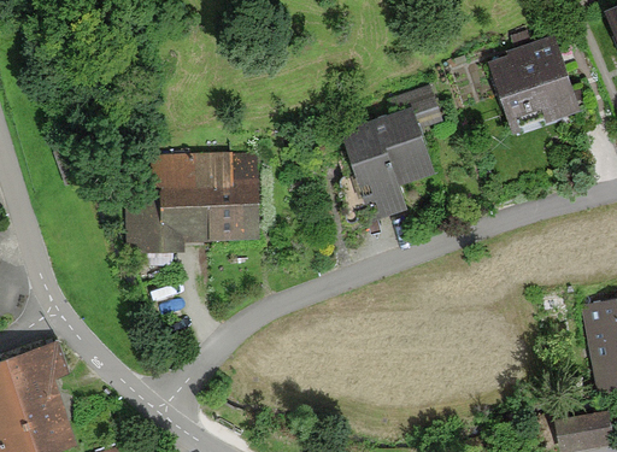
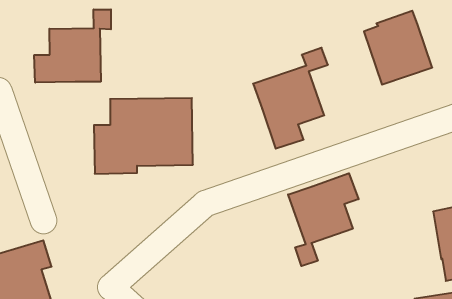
building: none -> [34,9,111,83]
building: none -> [288,173,359,266]

